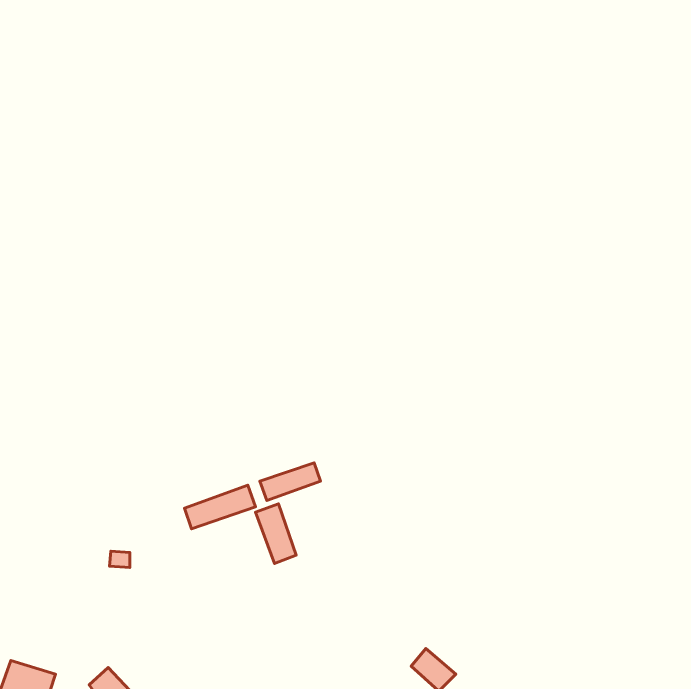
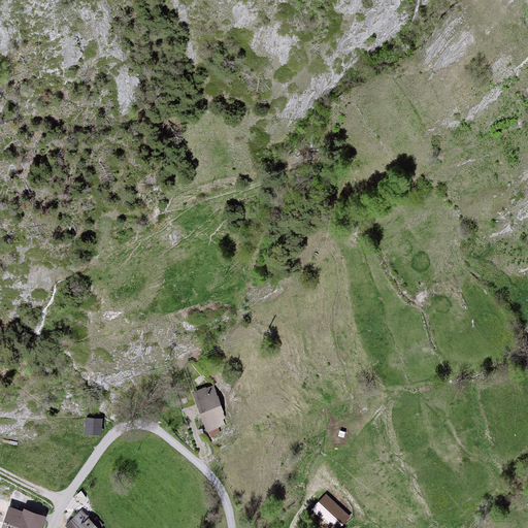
building: [260,463,320,501] -> none
building: [185,485,256,529] -> none

